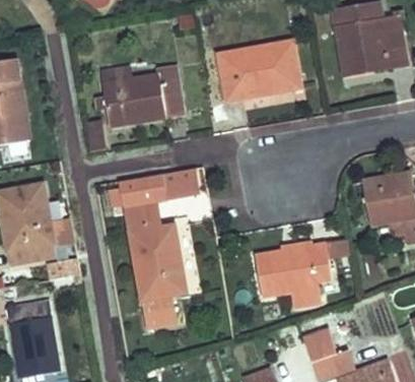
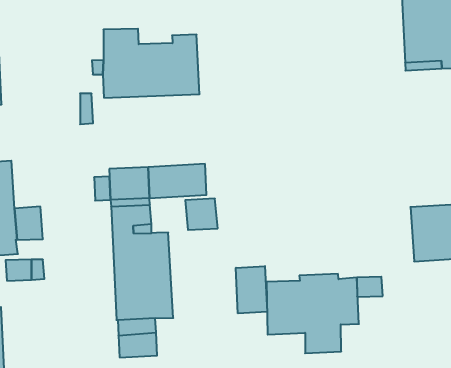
building: [219,41,301,101] -> none
building: none -> [236,266,267,313]

